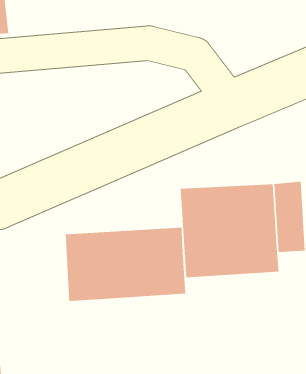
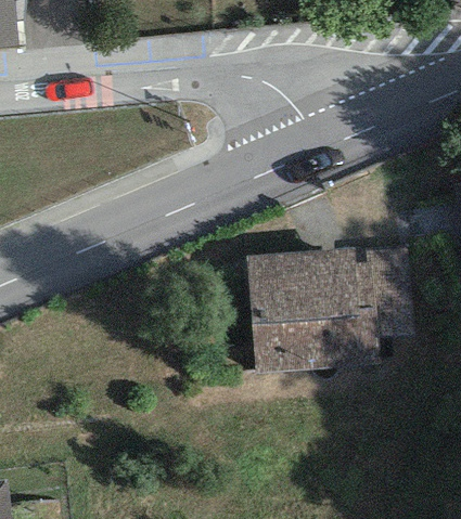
building: [65,227,186,302] -> none

